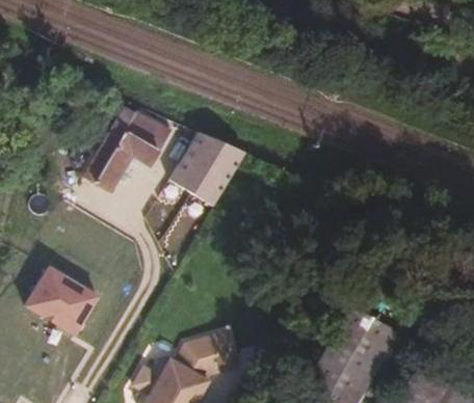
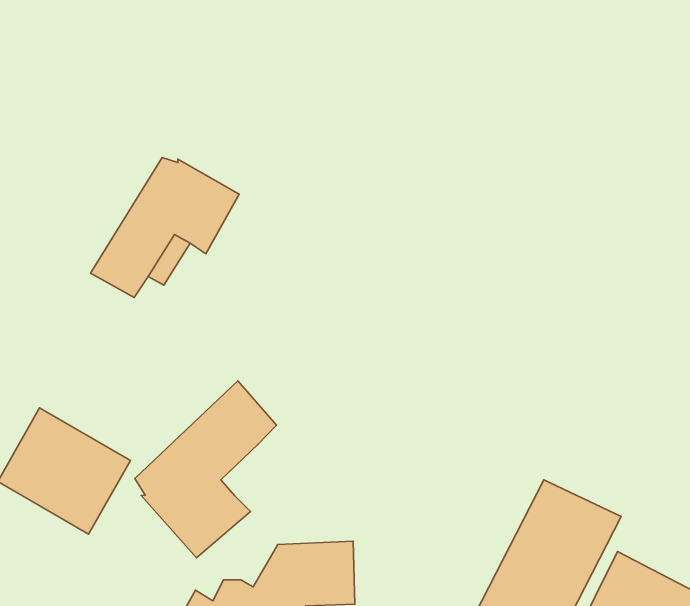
building: [169,134,246,210] -> none
building: none -> [135,381,277,558]

